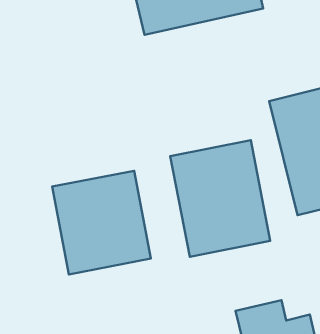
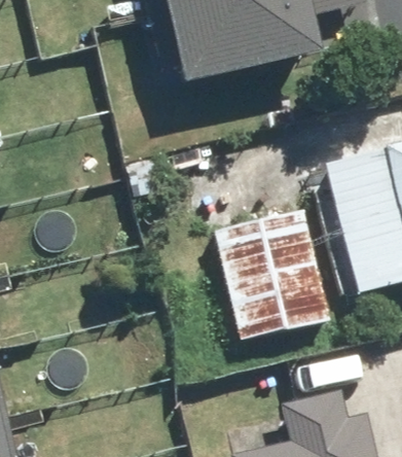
building: [52,171,151,274] -> none

